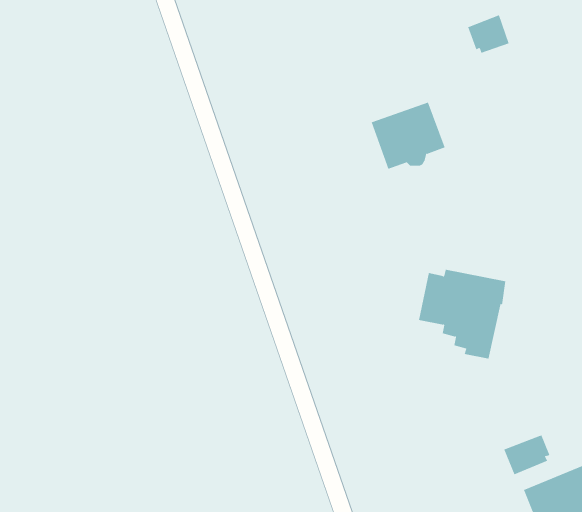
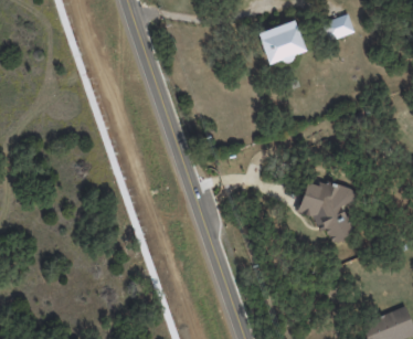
building: [371,102,445,170] -> [260,21,308,65]
building: [503,434,550,475] -> none

